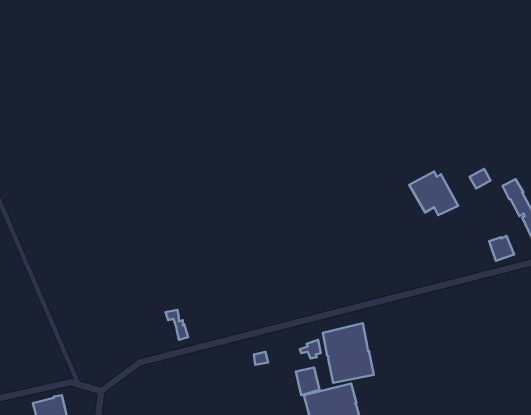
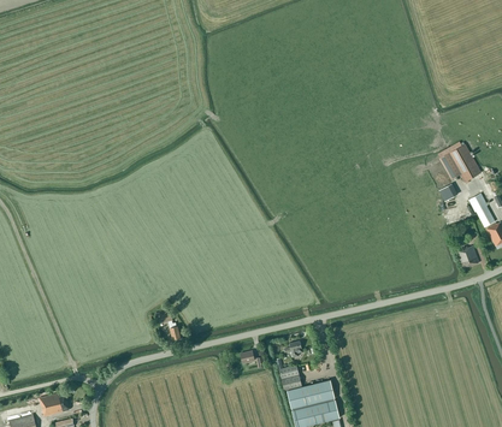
building: [409,172,458,215] -> [437,142,482,182]
building: [323,323,374,383] -> none

